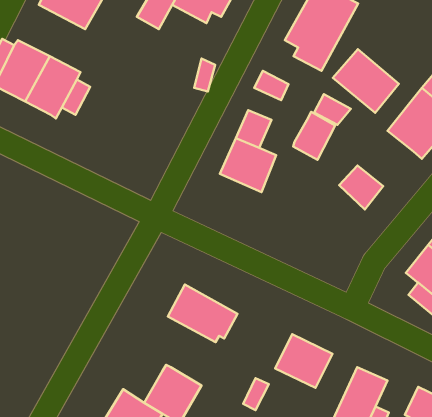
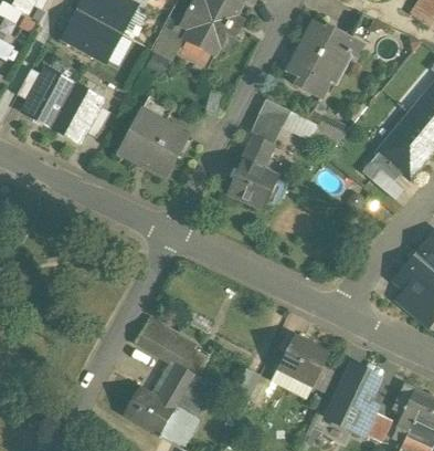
building: [333,49,399,113] -> none
building: none -> [118,111,187,177]
building: [293,112,335,160] -> none
building: [339,165,383,210] -> [362,153,402,192]
building: [168,285,238,342] -> [133,317,195,369]

